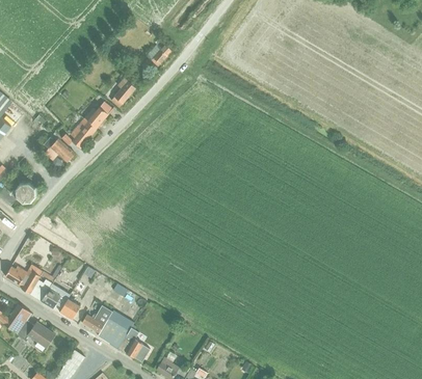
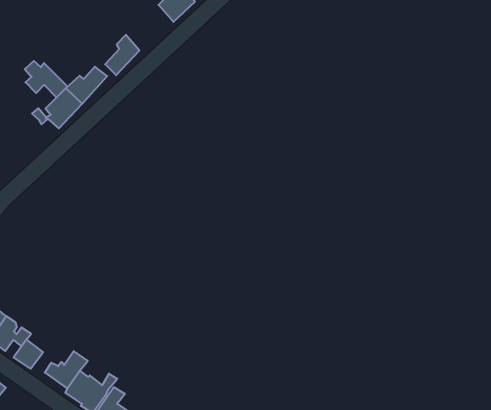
building: [43,137,74,162] -> [25,61,67,97]

